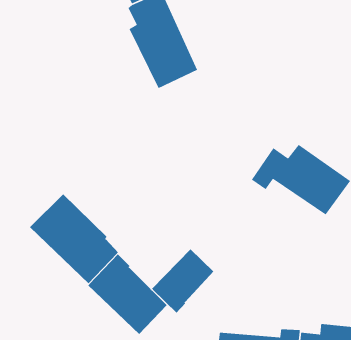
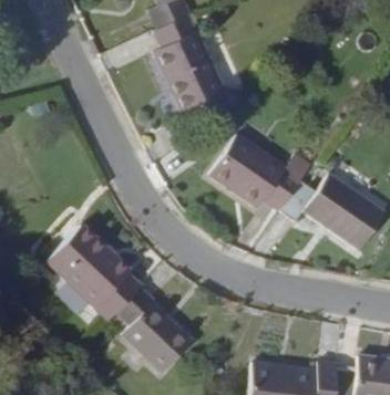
building: none -> [213,133,317,211]
building: [151,249,214,314] -> none

